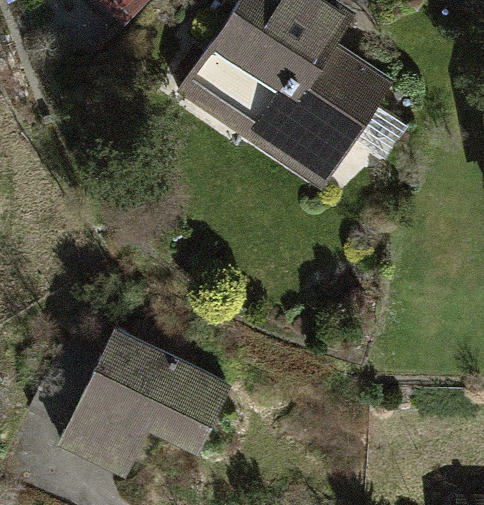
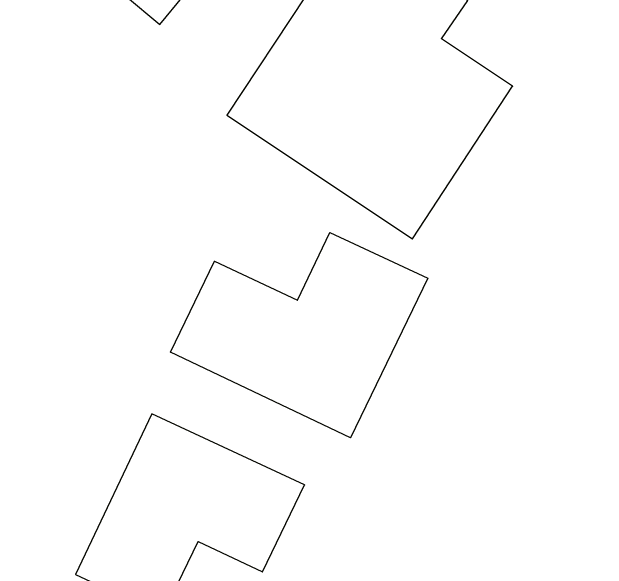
building: none -> [171,233,428,438]

